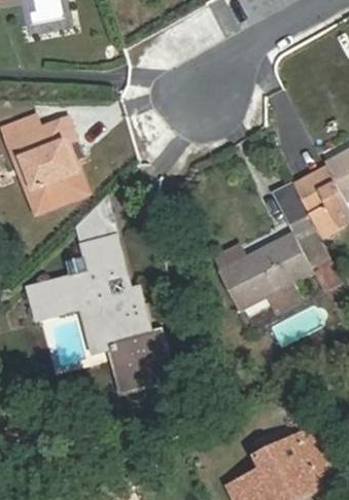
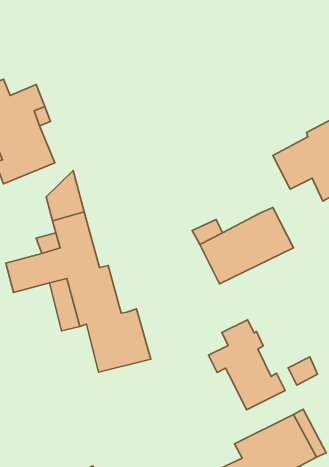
building: [263,193,330,272] -> none
building: none -> [208,320,285,410]

